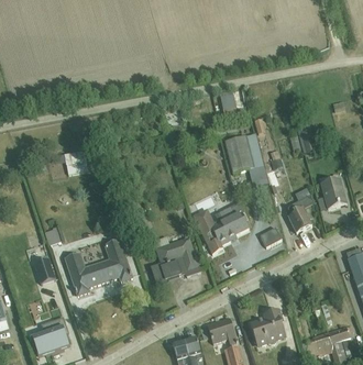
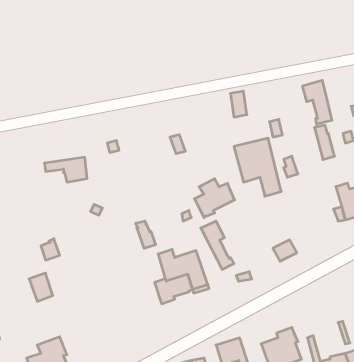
building: none -> [303,80,332,124]
building: [285,195,314,232] -> none
building: [210,208,248,244] -> [194,179,235,218]
building: [64,239,131,295] -> none

